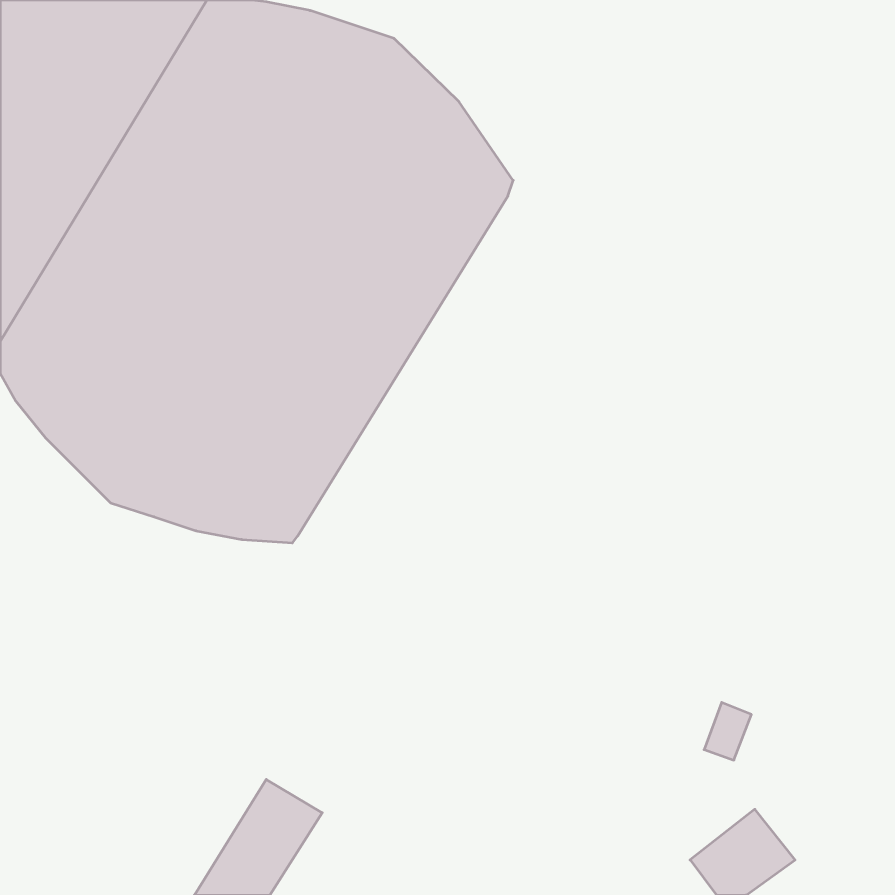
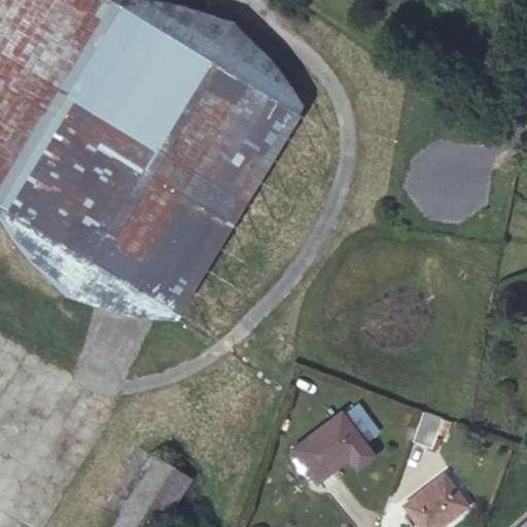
building: none -> [293,413,374,482]

